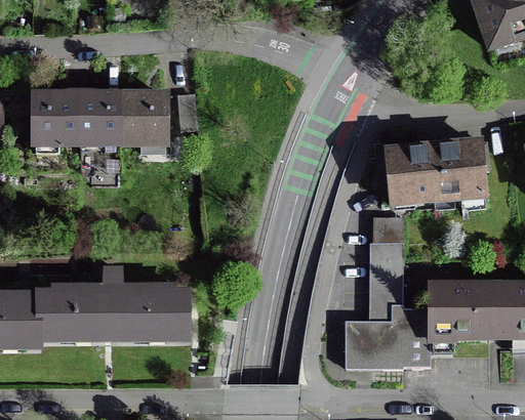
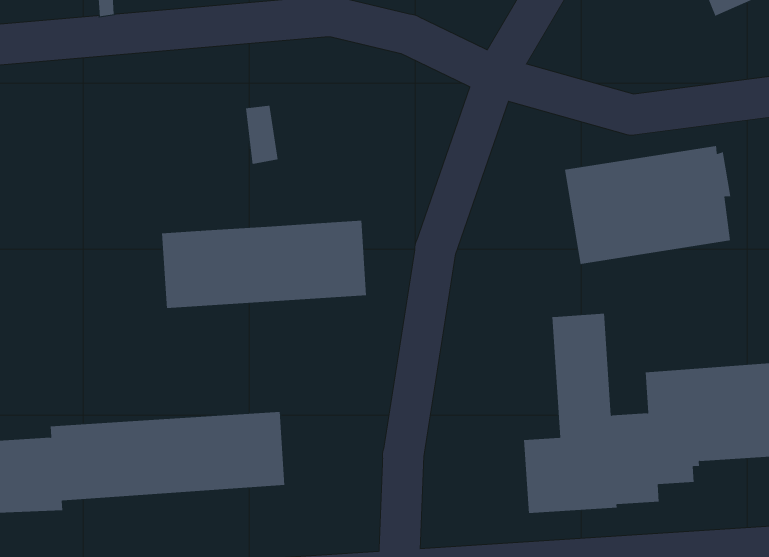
building: [35,93,166,142] -> [161,220,367,308]
building: [373,215,404,241] -> none

